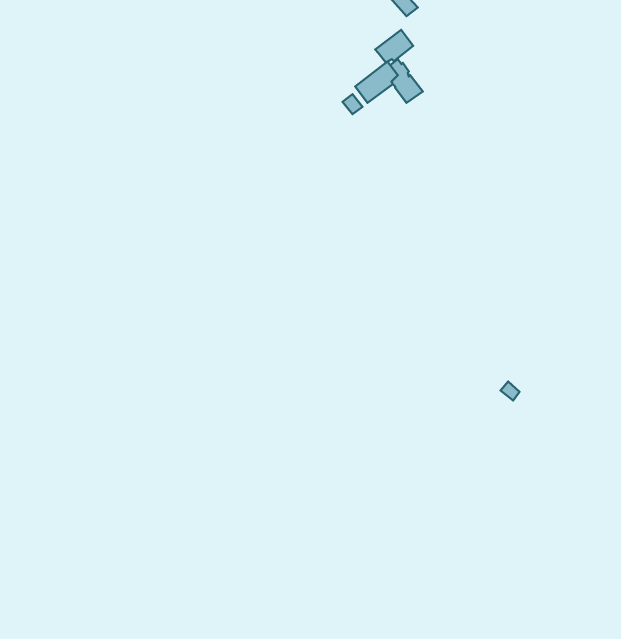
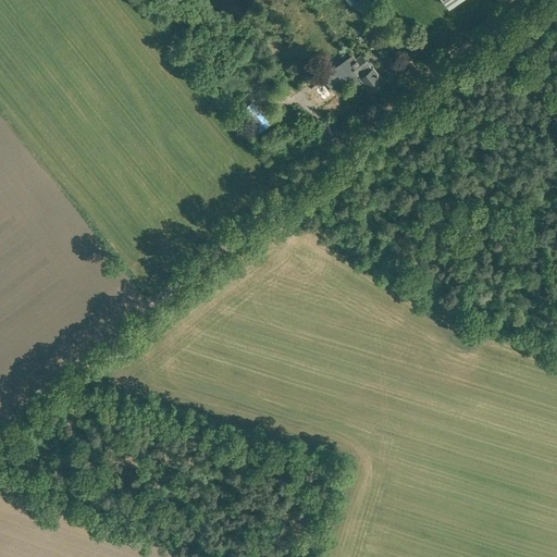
building: [375,30,413,63] -> none

